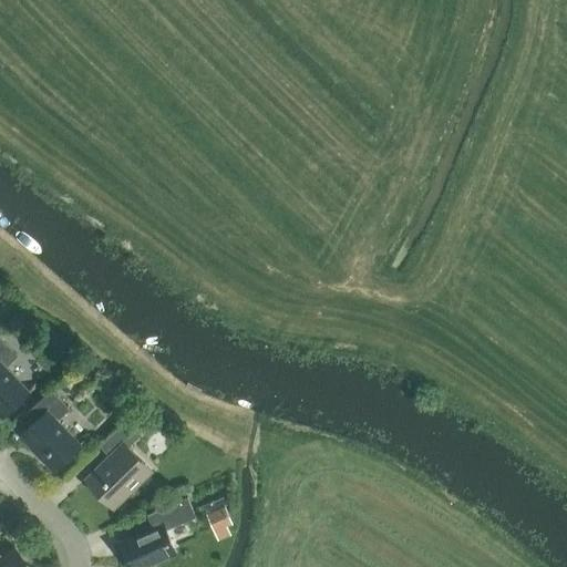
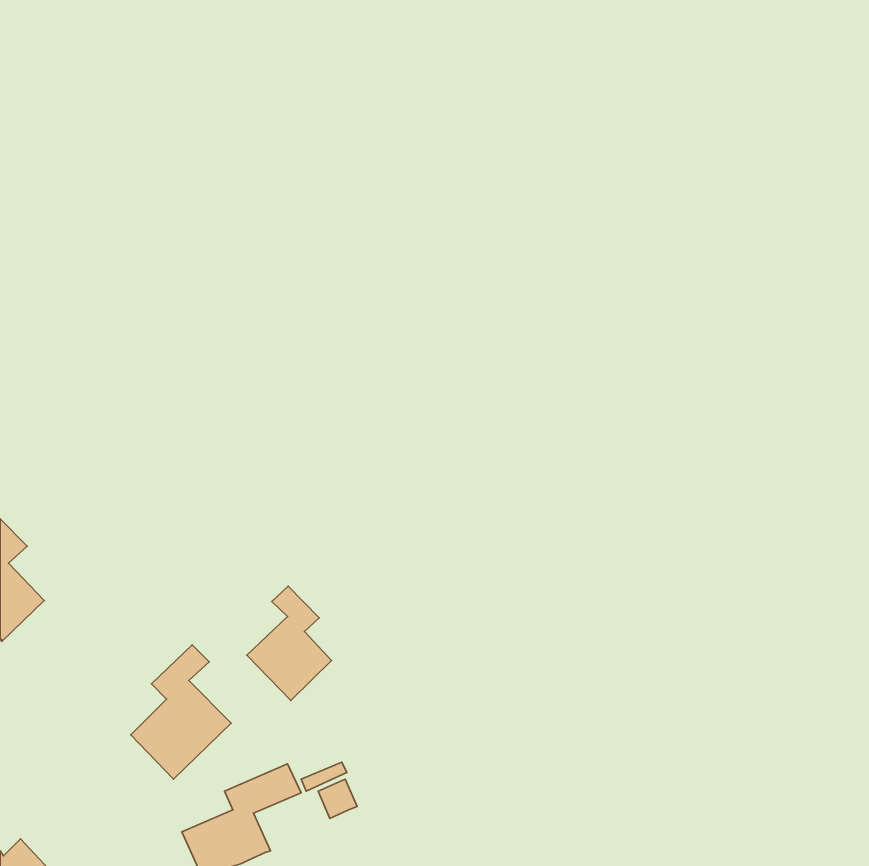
building: none -> [247,586,332,700]
building: [20,392,80,473] -> none

